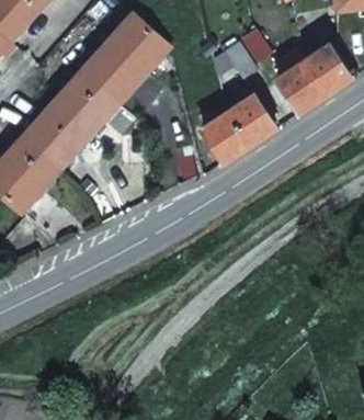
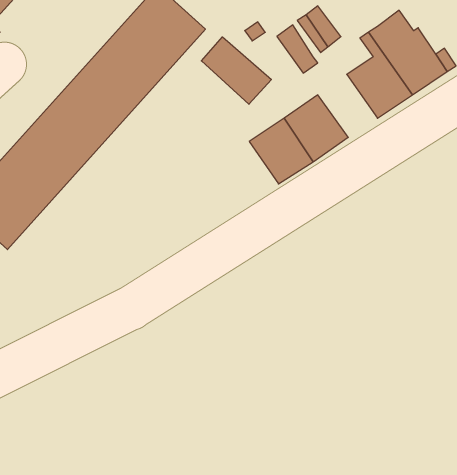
building: none -> [201,37,271,104]

